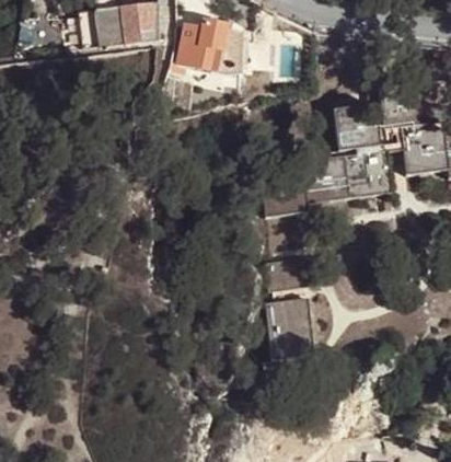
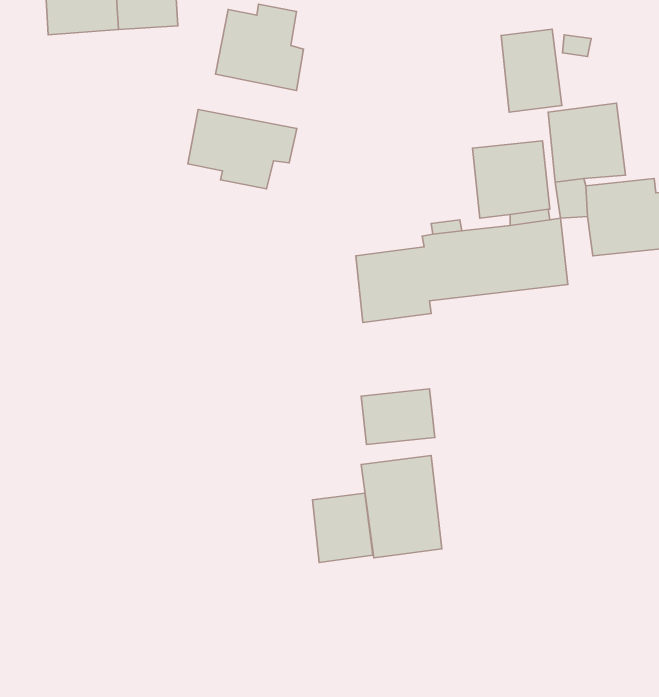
building: none -> [501,29,562,112]
building: none -> [188,110,297,189]
building: none -> [313,493,373,562]

